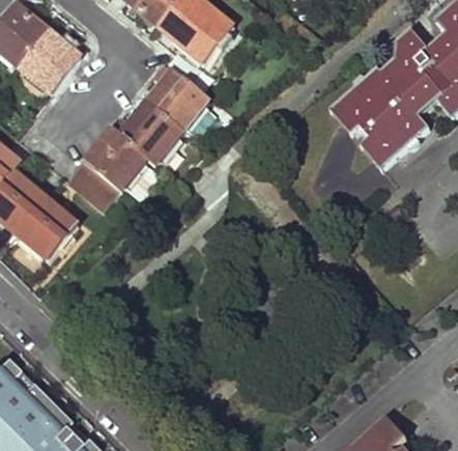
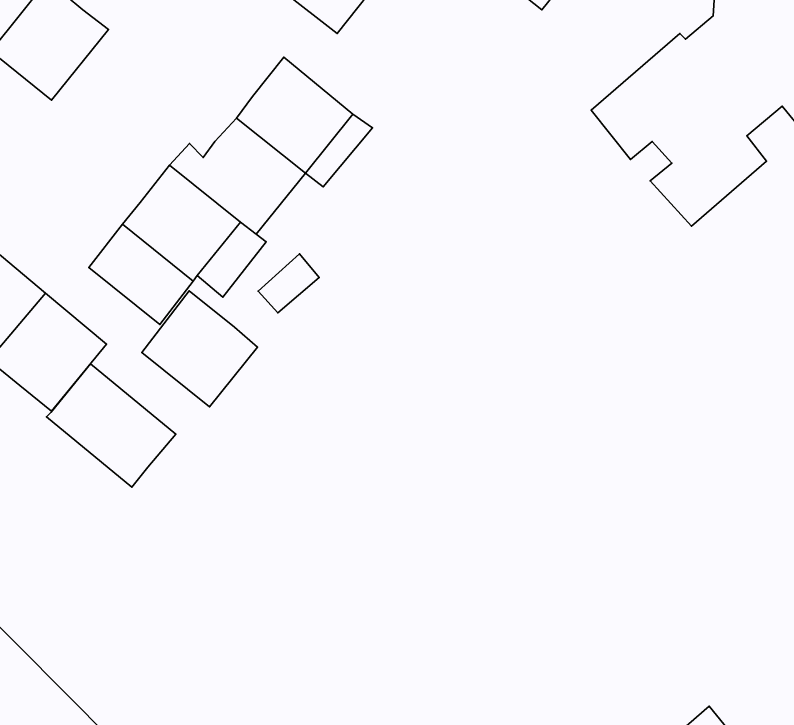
building: none -> [142,291,258,407]
building: none -> [46,364,176,487]

